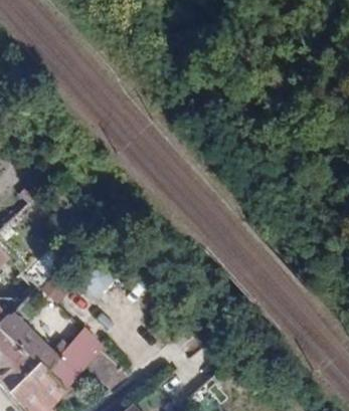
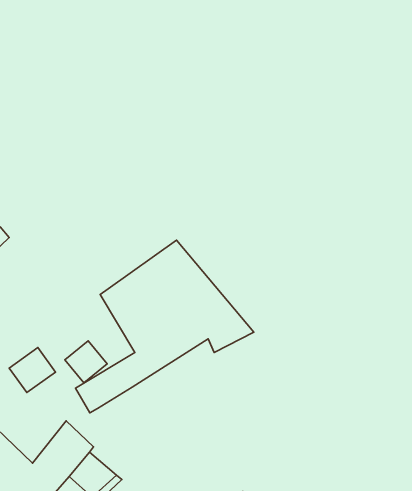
building: none -> [75,240,254,413]

